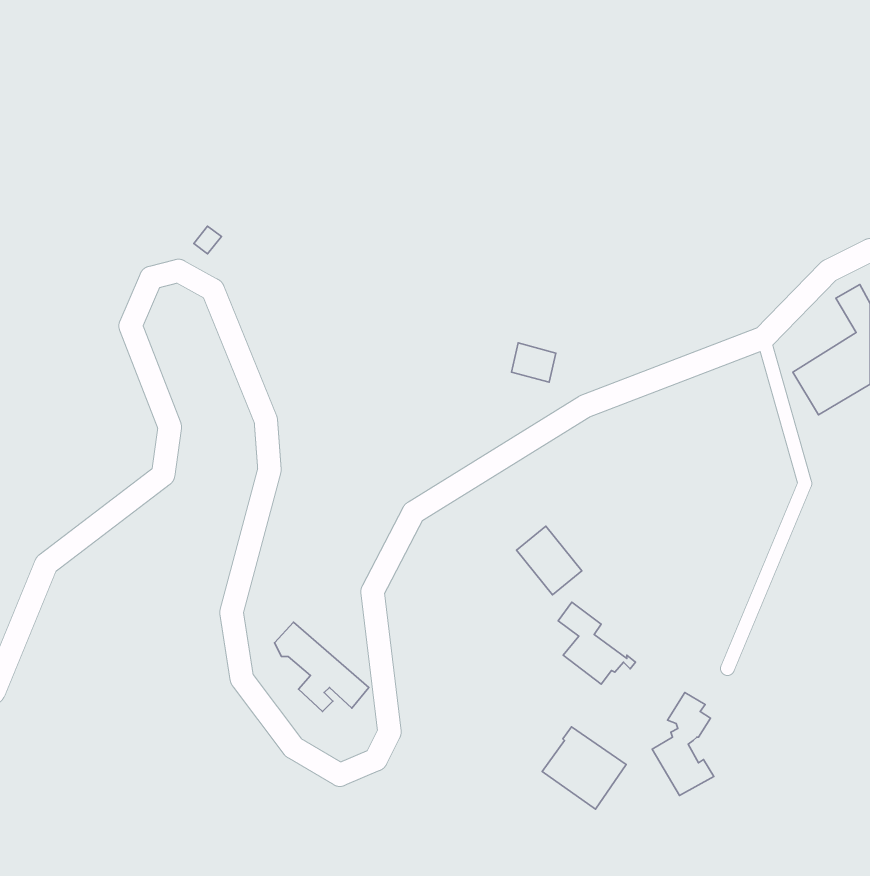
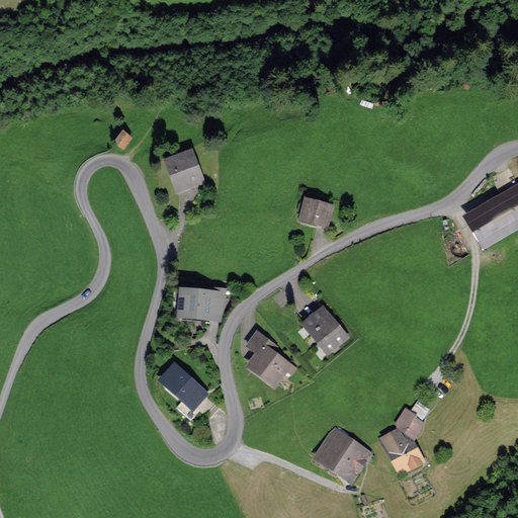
building: none -> [167,154,211,194]
building: none -> [182,286,224,318]
building: [558,602,635,684] -> [248,334,293,382]

